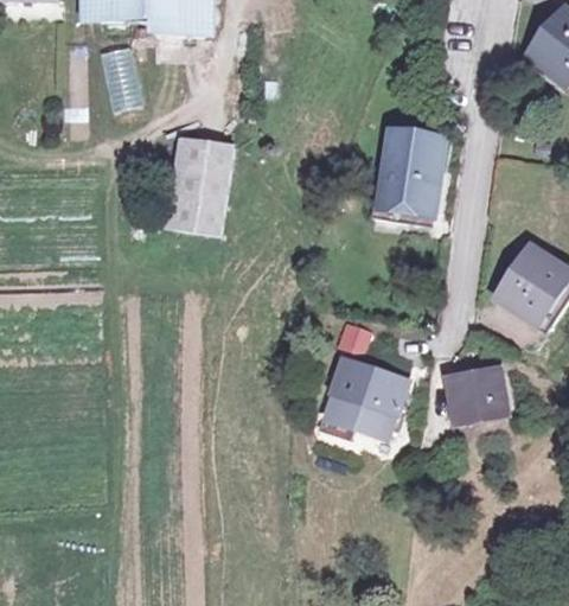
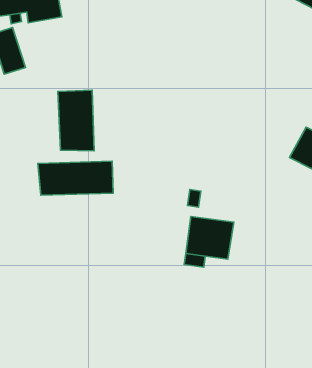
building: [376,136,437,216] -> none
building: none -> [38,161,113,195]
building: [459,374,503,408] -> none

